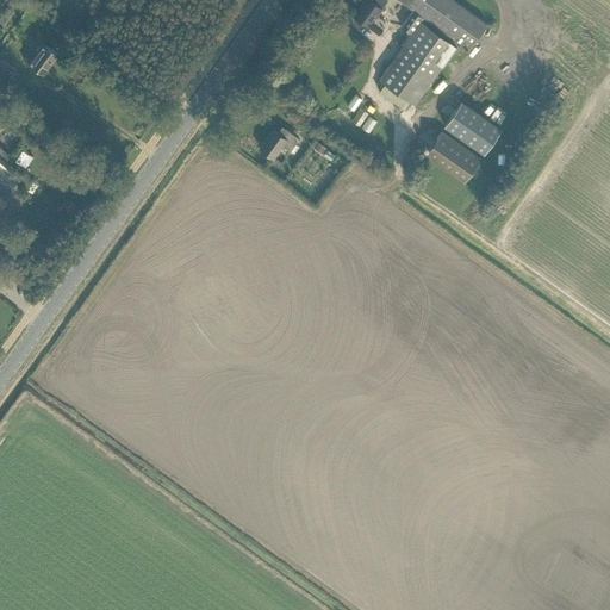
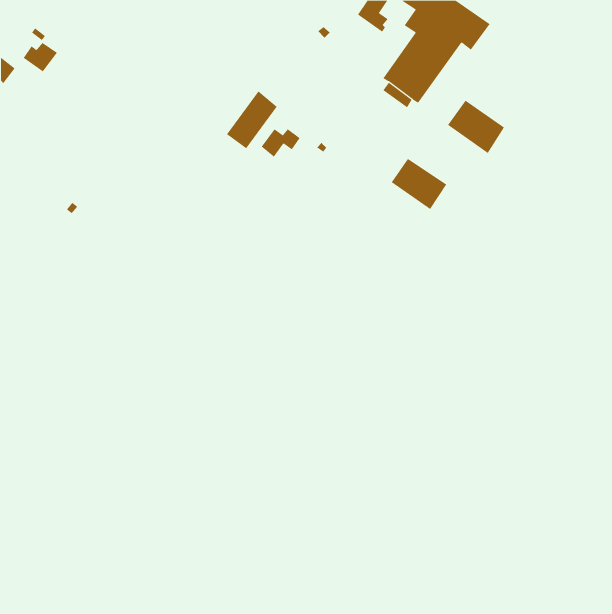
building: none -> [226,90,278,149]
building: [427,130,483,181] -> [391,158,447,210]

